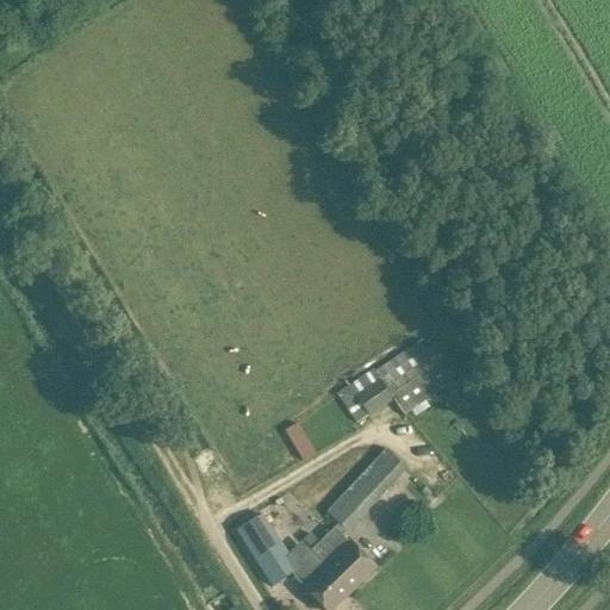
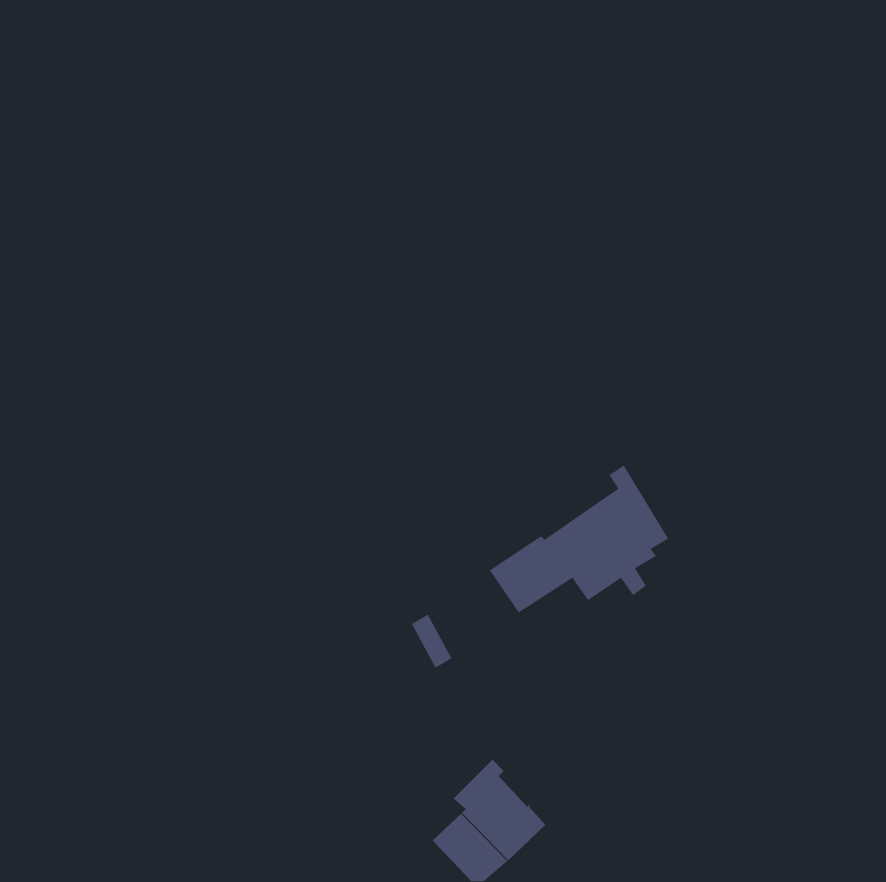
building: [326,448,406,530] -> none
building: [237,512,293,584] -> none

